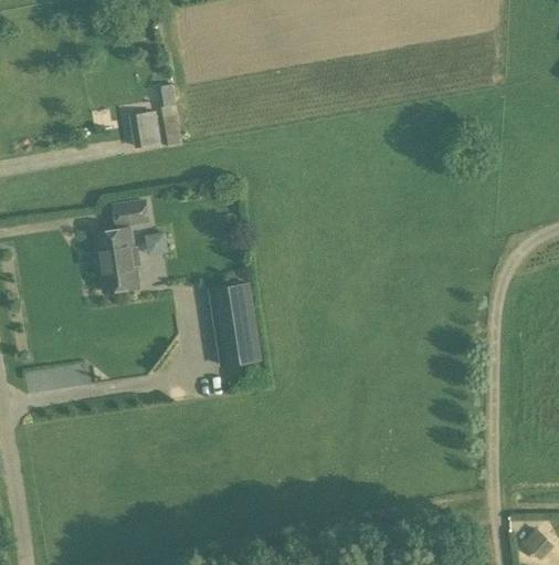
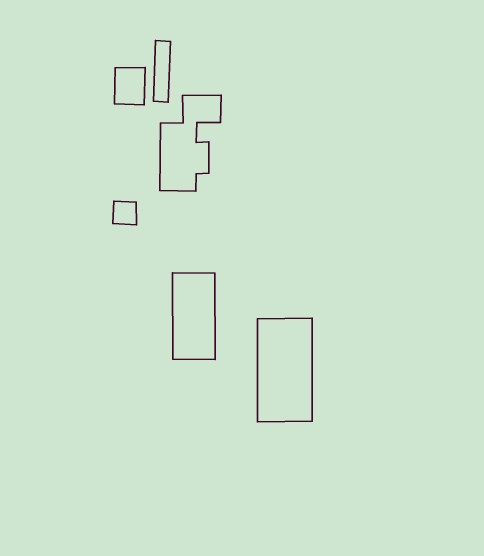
building: [96,199,149,292] -> [160,95,221,191]
building: none -> [257,318,312,422]

